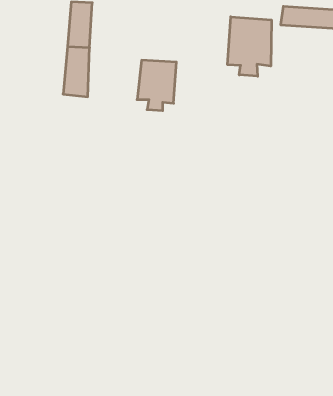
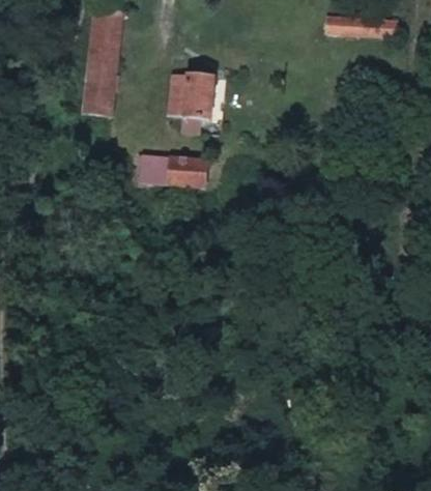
building: [228,17,271,76] -> none
building: none -> [121,152,206,185]

